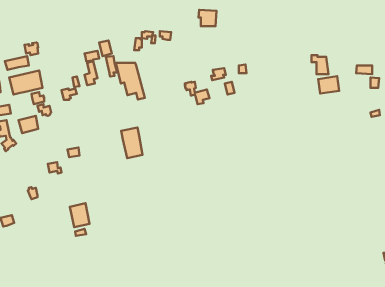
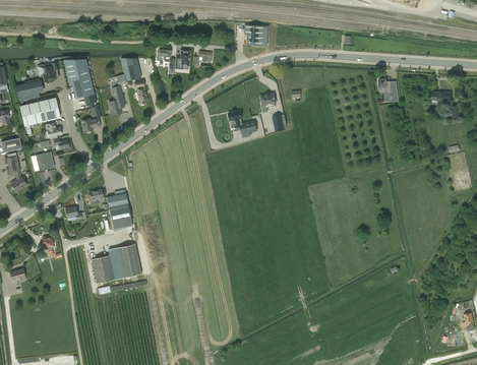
building: [116,63,145,100] -> [62,59,97,103]
building: [318,76,339,94] -> none
building: [121,127,143,158] -> [107,192,132,229]
building: none -> [117,243,140,278]

